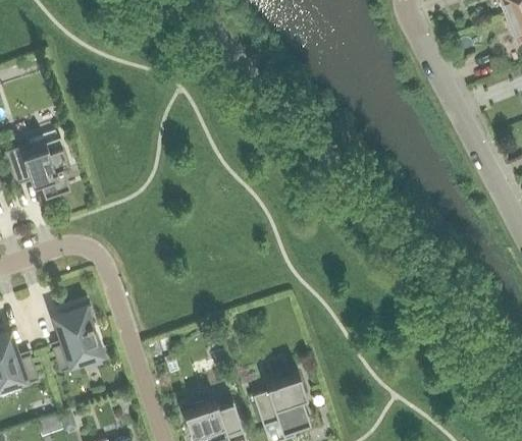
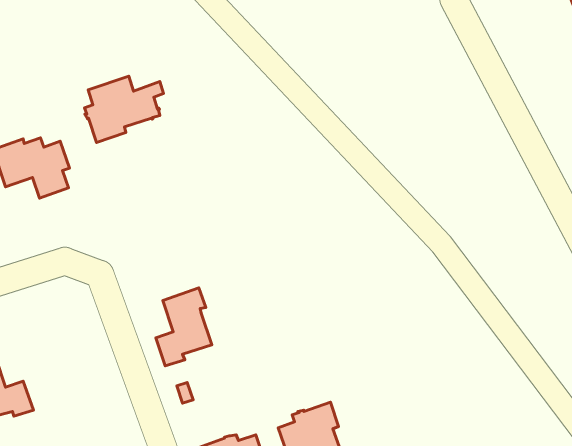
building: none -> [85,76,163,143]
building: [51,304,100,372] -> [156,288,212,366]

